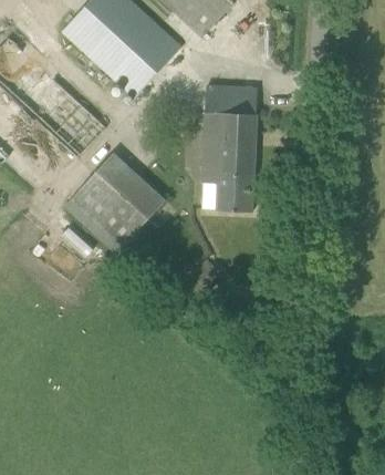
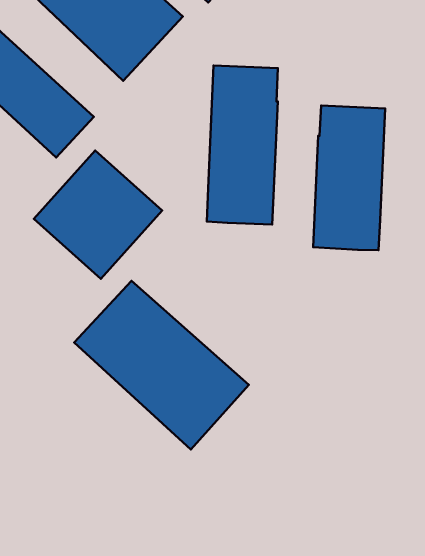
building: none -> [313,105,385,250]
building: none -> [74,281,249,450]

